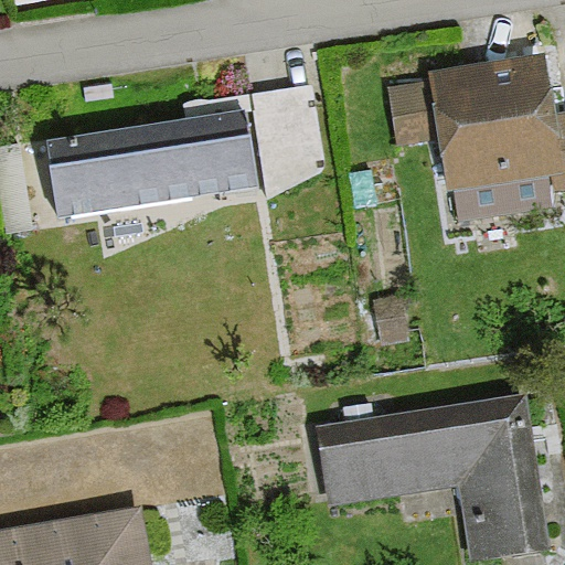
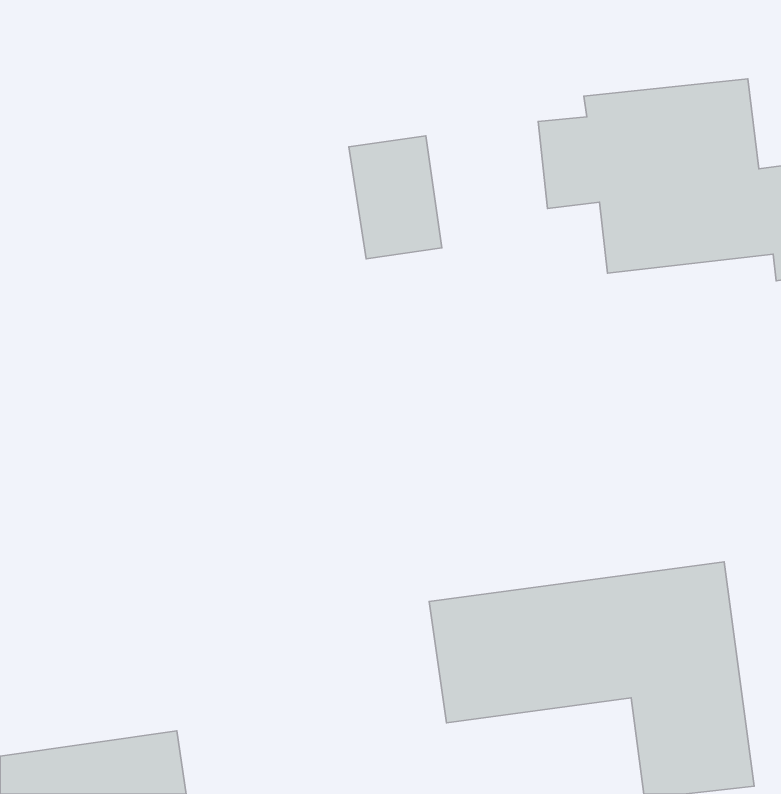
building: [45,113,252,221] -> none

